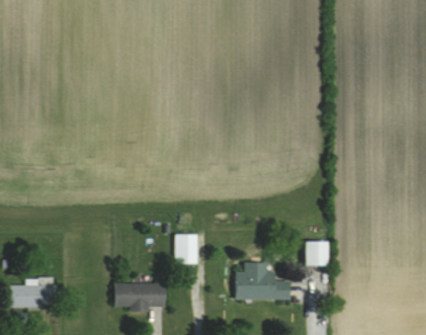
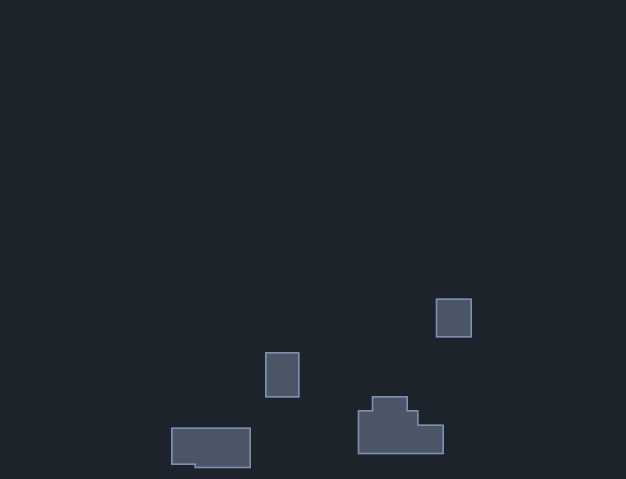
building: [305,241,327,265] -> [437,299,471,337]
building: [11,284,57,307] -> none

